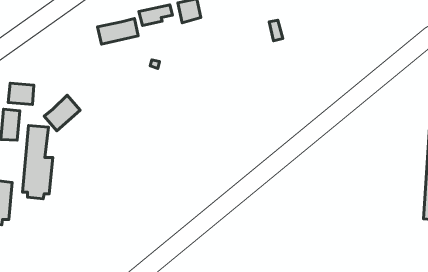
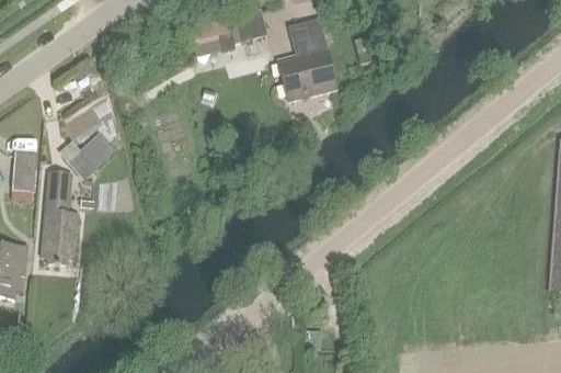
building: none -> [278,19,336,99]
building: [98,19,138,44] -> none
building: [8,83,34,105] -> none

